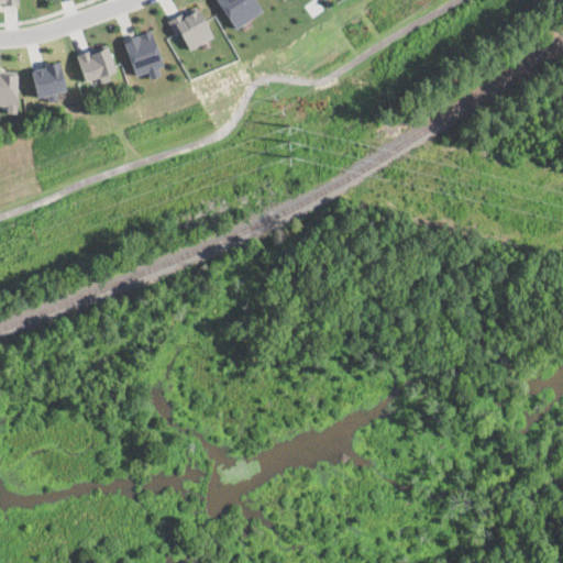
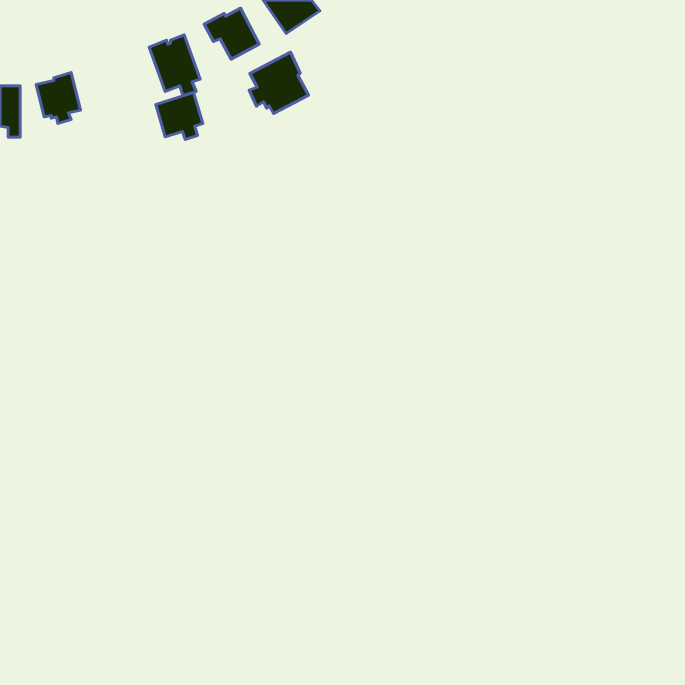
building: none -> [249,52,309,113]
building: [77,45,115,84] -> [156,93,203,140]

